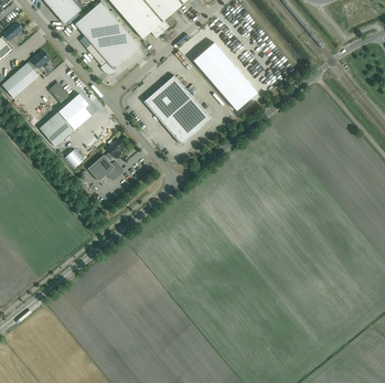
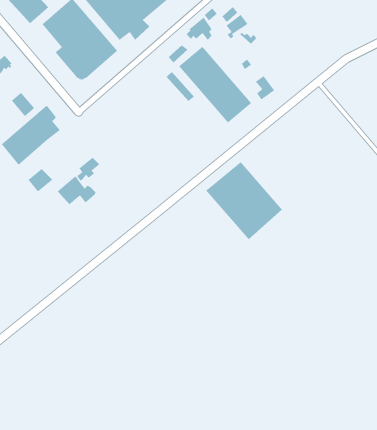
building: [143,75,211,143] -> [205,161,283,240]

